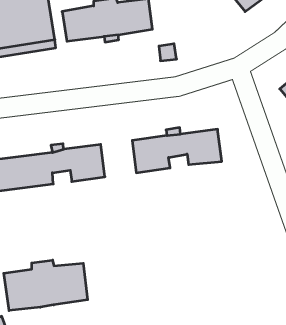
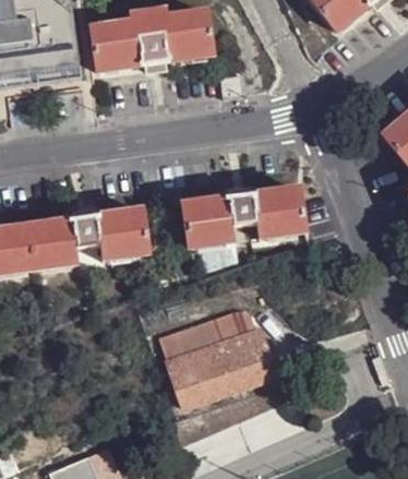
building: none -> [163,315,279,404]
building: [4,260,88,311] -> none

